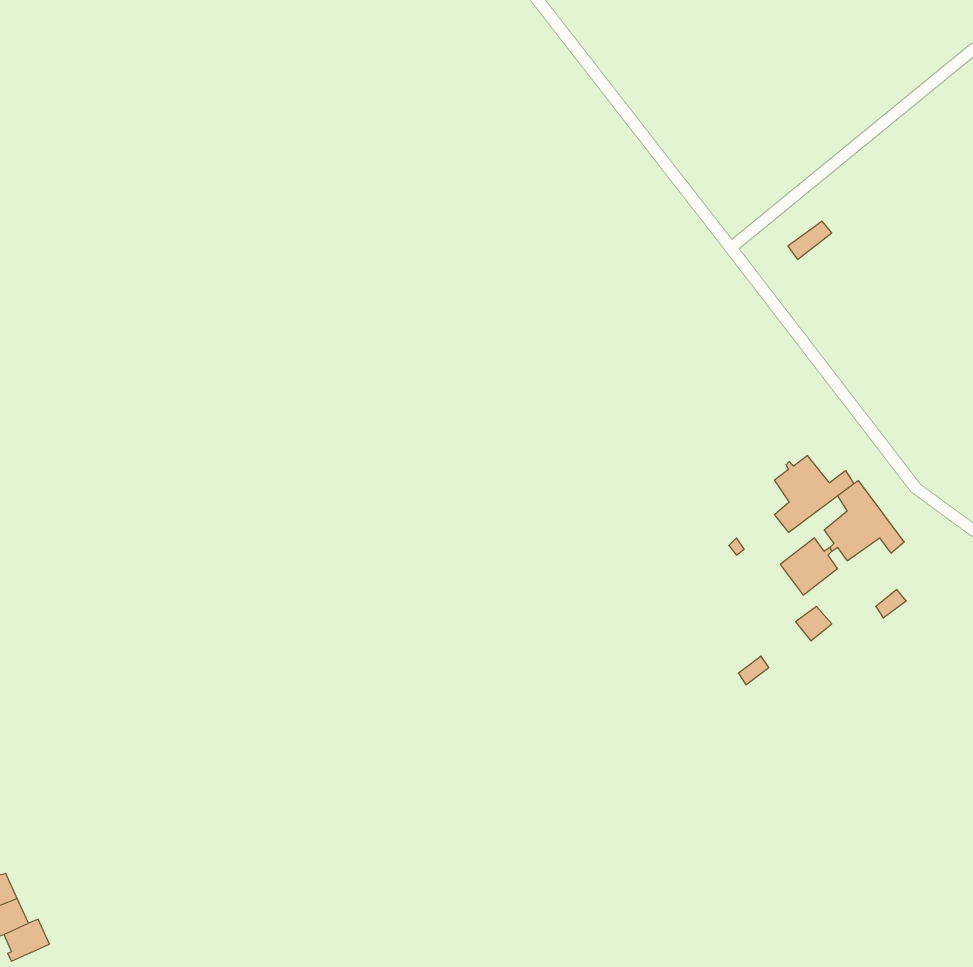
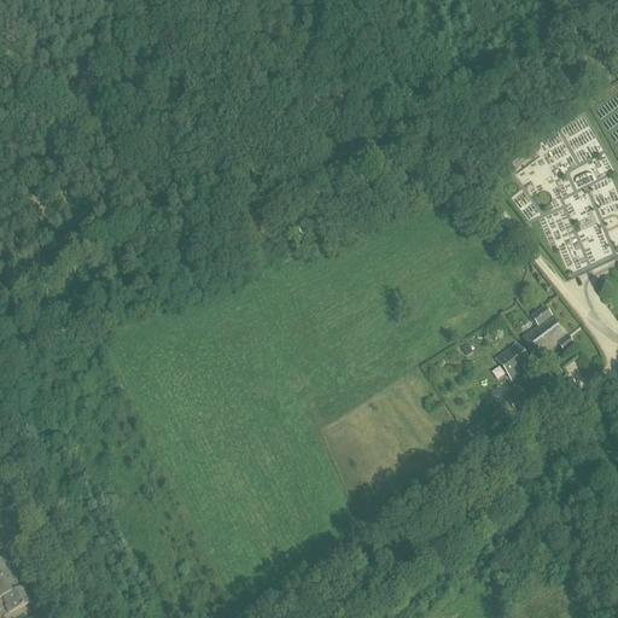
building: [775,455,854,533] -> none

